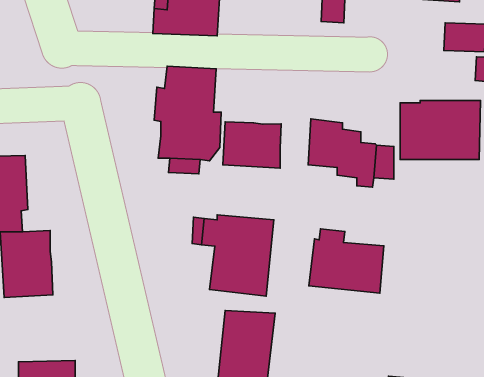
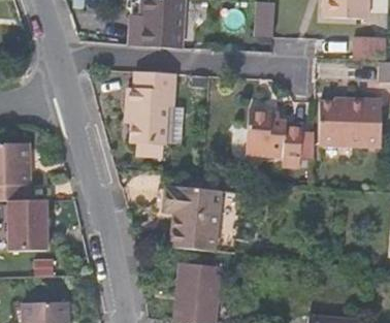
building: [223,122,281,168] -> none
building: [309,229,384,293] -> none

